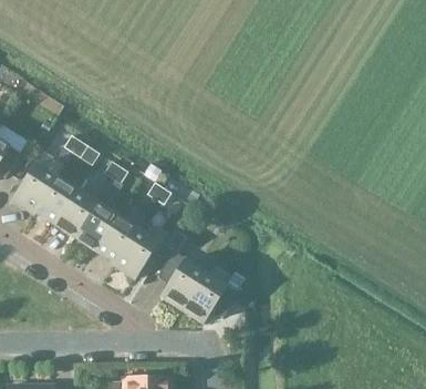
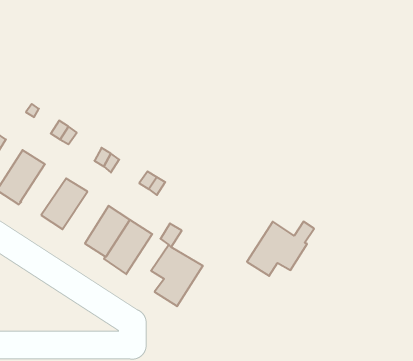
building: [34,175,77,223] -> none
building: [74,201,117,249] -> none
building: [181,270,245,321] -> [247,222,314,276]

